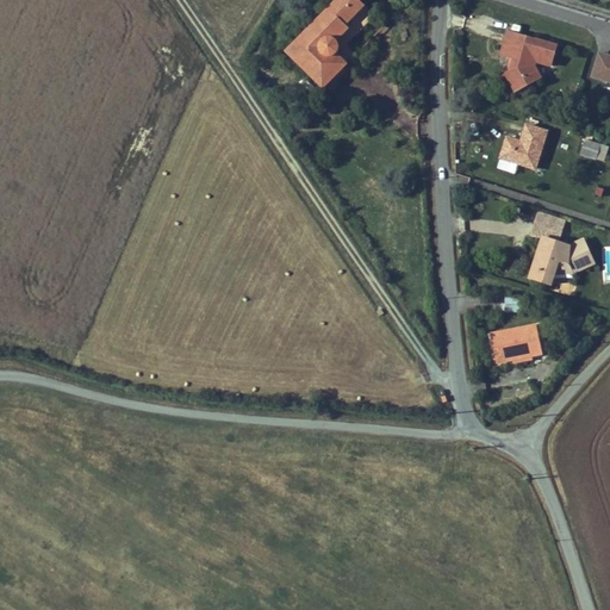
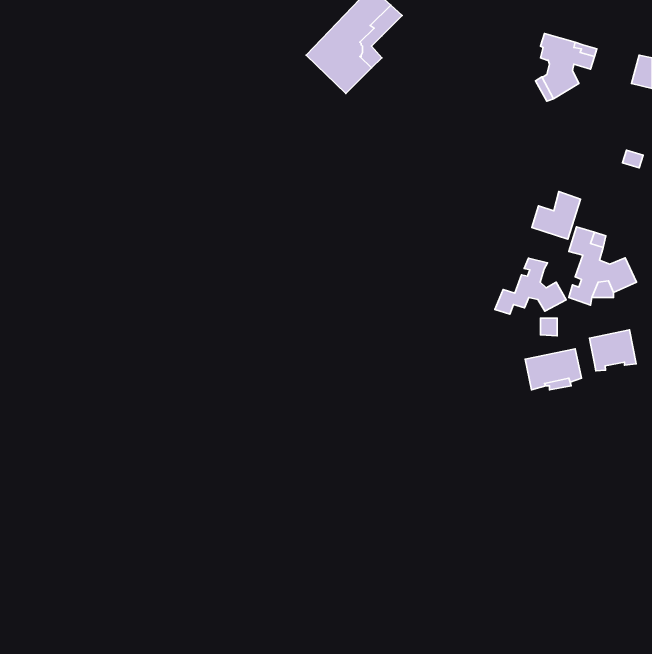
building: [499,124,544,168] -> [532,192,581,239]
building: none -> [495,258,566,314]
building: none -> [590,330,636,371]

